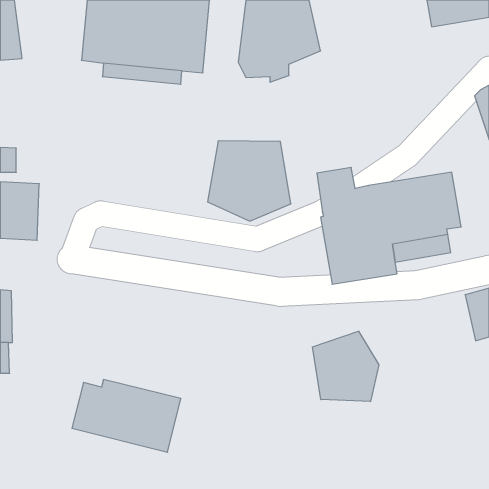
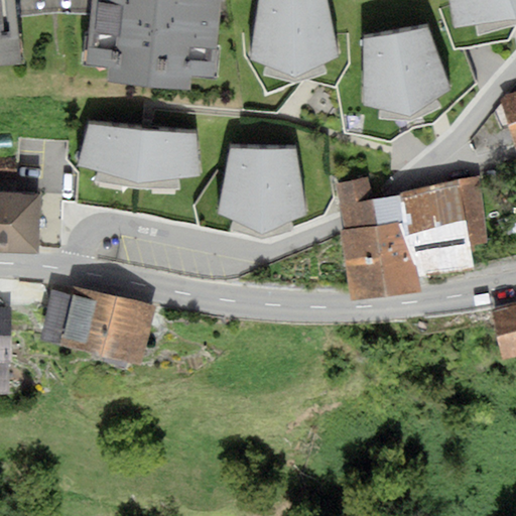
building: none -> [364,24,449,111]
building: none -> [78,123,203,182]
building: [312,331,379,402] -> none
building: [72,380,181,452] -> [40,287,155,364]

